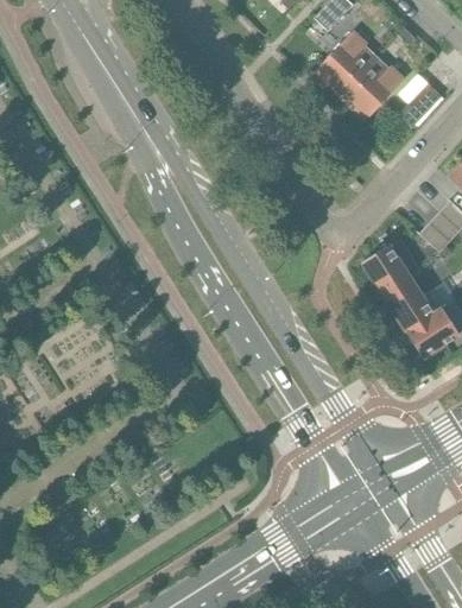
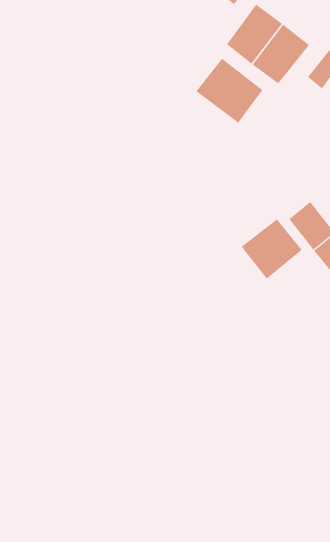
building: none -> [196,58,263,123]
building: none -> [241,218,302,279]

